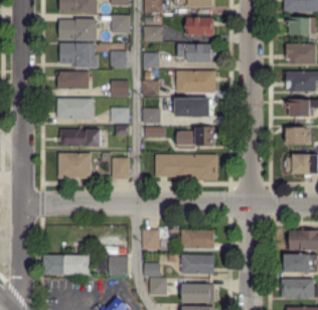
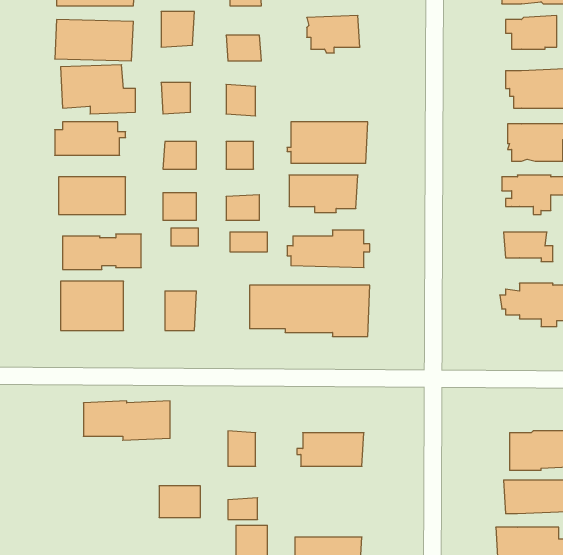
building: [176,43,216,61] -> none
building: [43,255,88,275] -> [83,401,170,440]
building: [178,256,213,274] -> none

